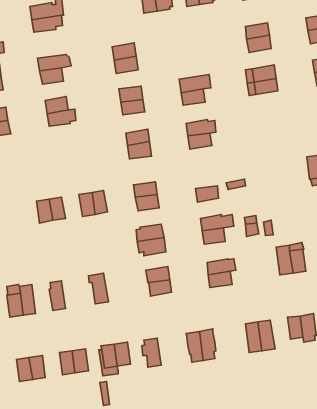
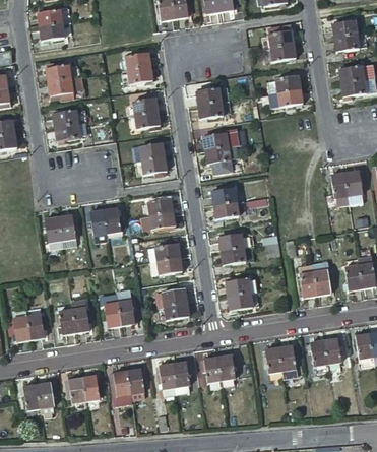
building: none -> [211,188,243,205]
building: none -> [116,289,136,325]
building: none -> [71,303,92,332]
building: none -> [173,361,190,392]

